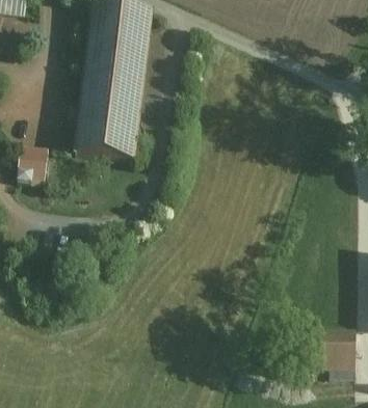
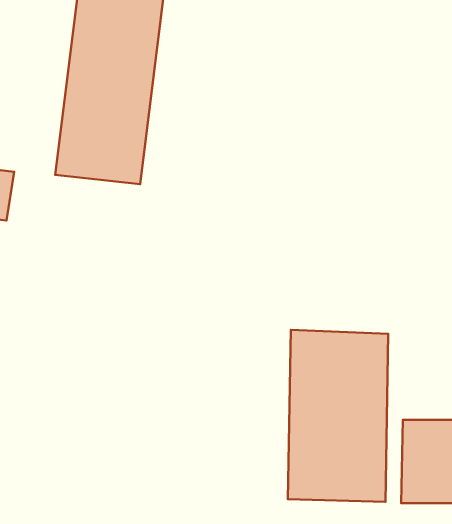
building: none -> [288,330,388,502]

